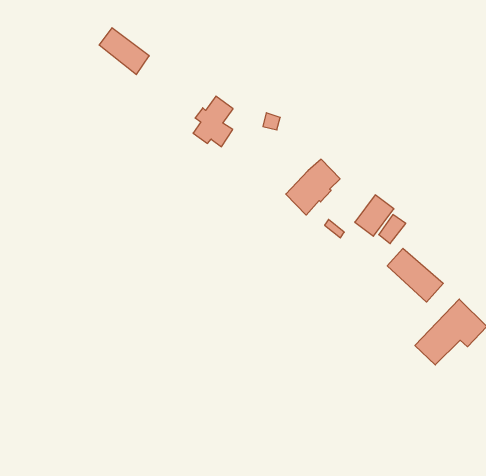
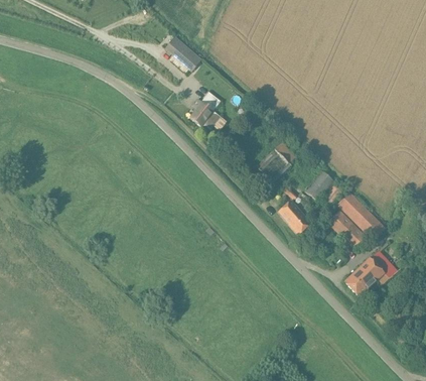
building: [99,28,149,75] -> [165,36,201,72]
building: none -> [336,192,385,240]
building: none -> [278,200,311,235]

